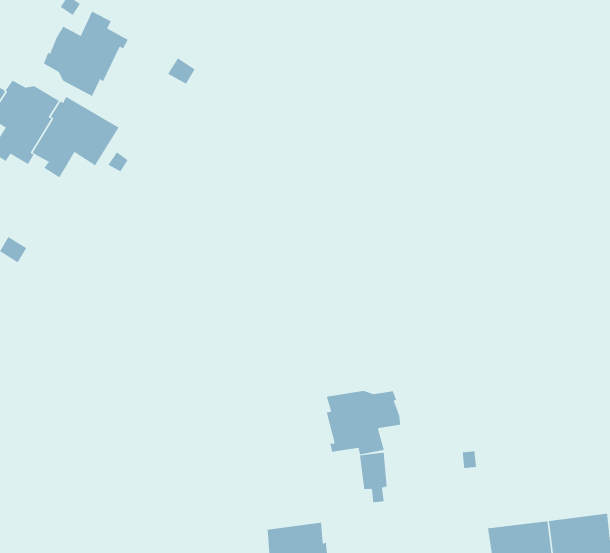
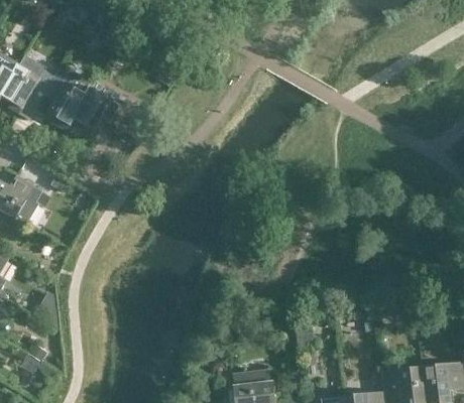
building: [43,11,129,97] -> none
building: [326,390,401,455] -> none

